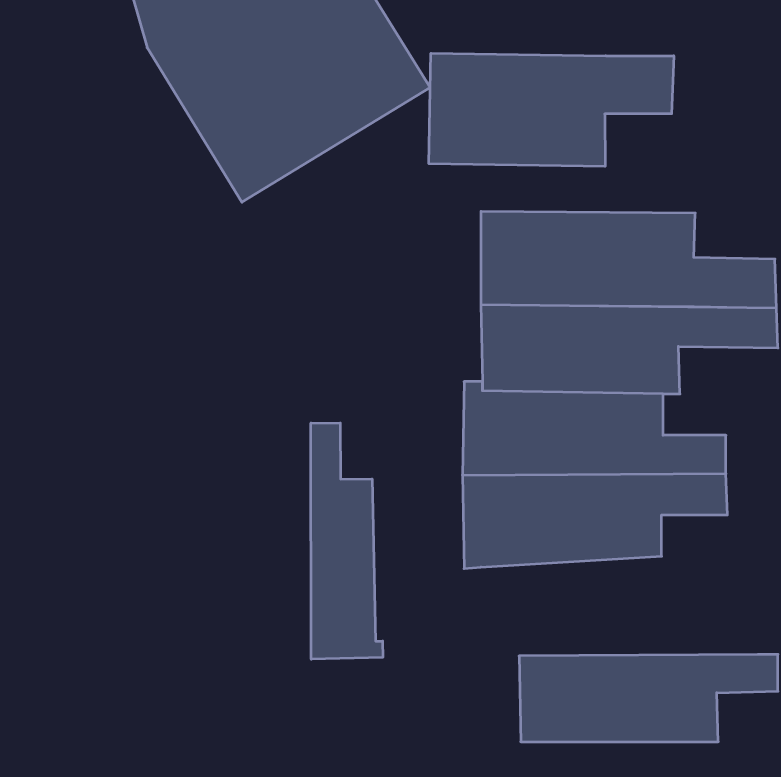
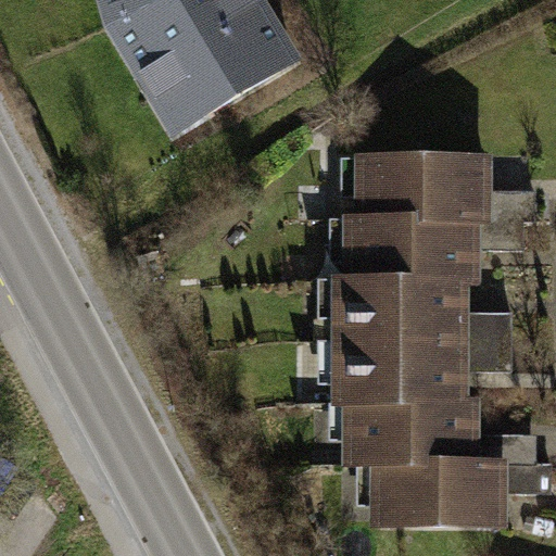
building: [429,53,674,166] -> none
building: [311,423,383,659] -> none
building: none -> [340,394,538,465]

